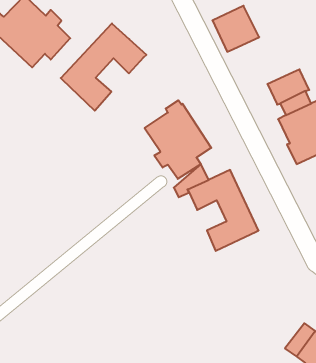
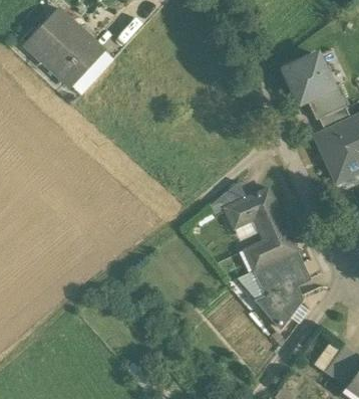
building: [212,6,259,52] -> [285,55,333,103]
building: [61,23,146,111] -> none
building: [145,100,211,179] -> none
building: none -> [238,251,305,329]

